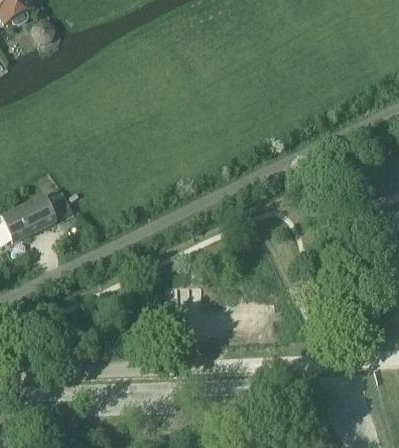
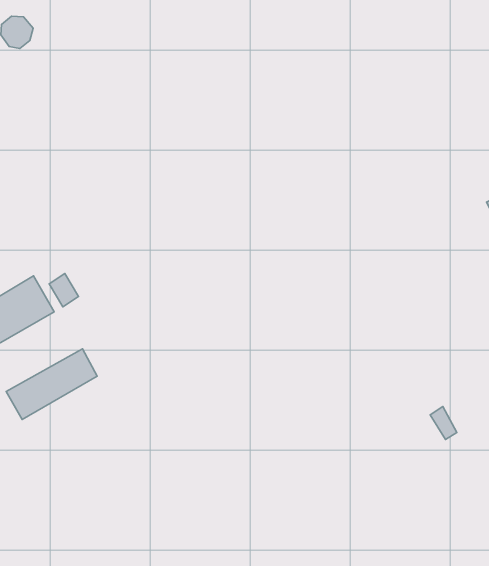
building: none -> [6,349,97,419]

